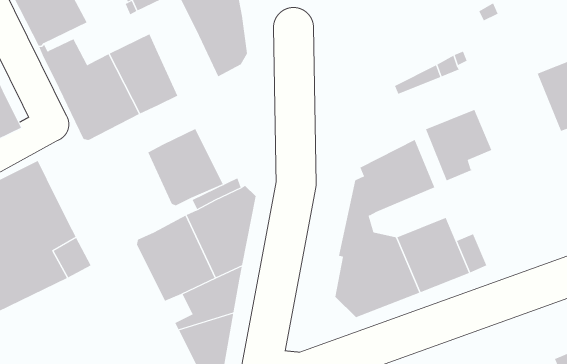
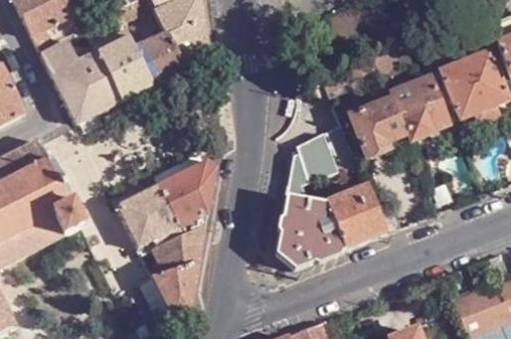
building: none -> [134,33,183,87]
building: none -> [392,72,451,138]
building: [147,128,223,206] -> none

